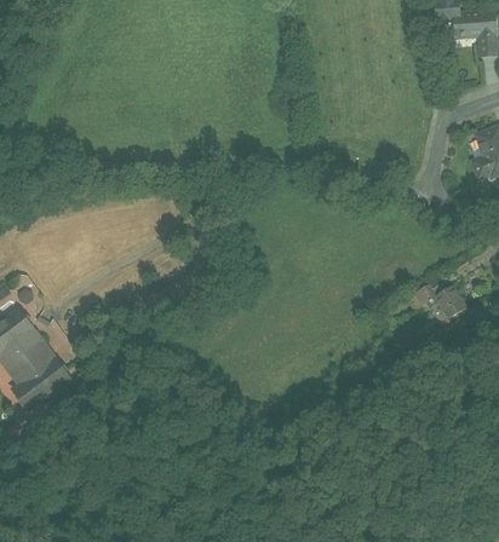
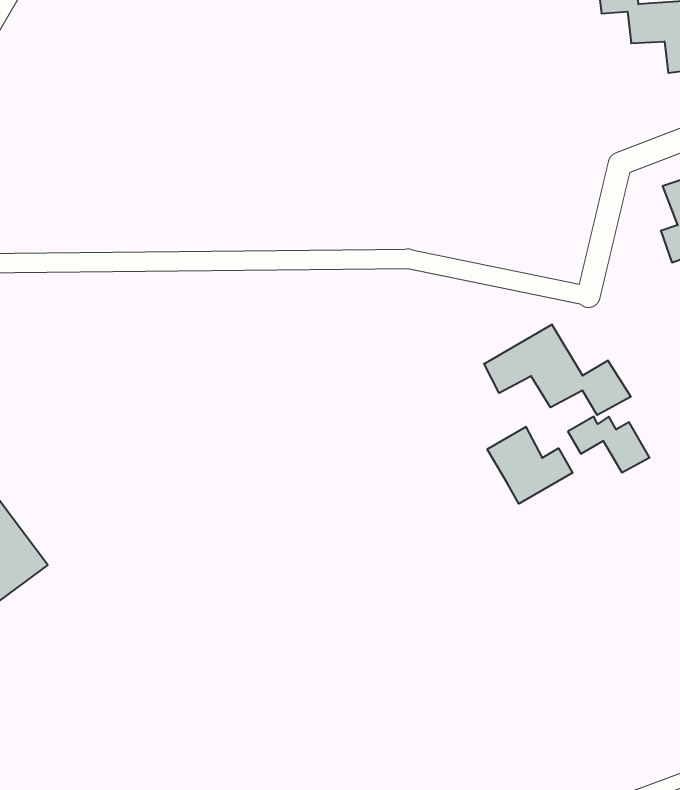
building: none -> [484,324,631,415]
building: none -> [487,427,573,504]

